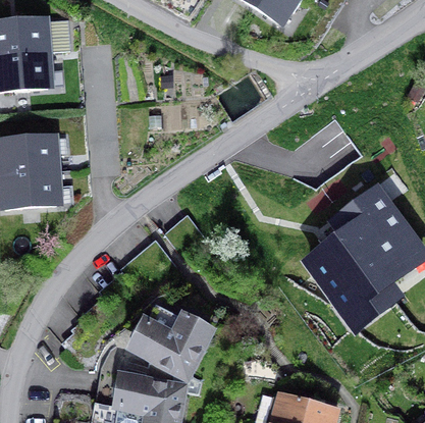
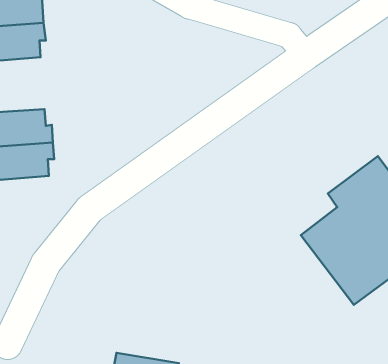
building: [130,302,209,375] -> none

